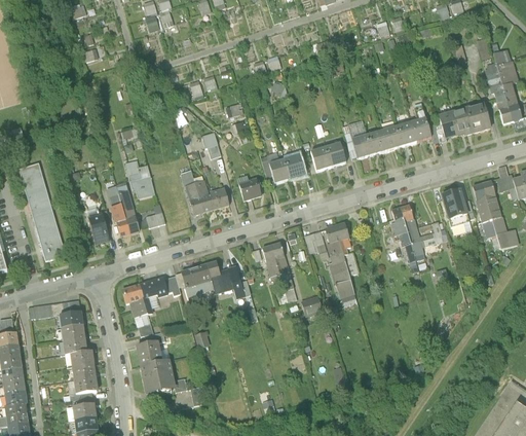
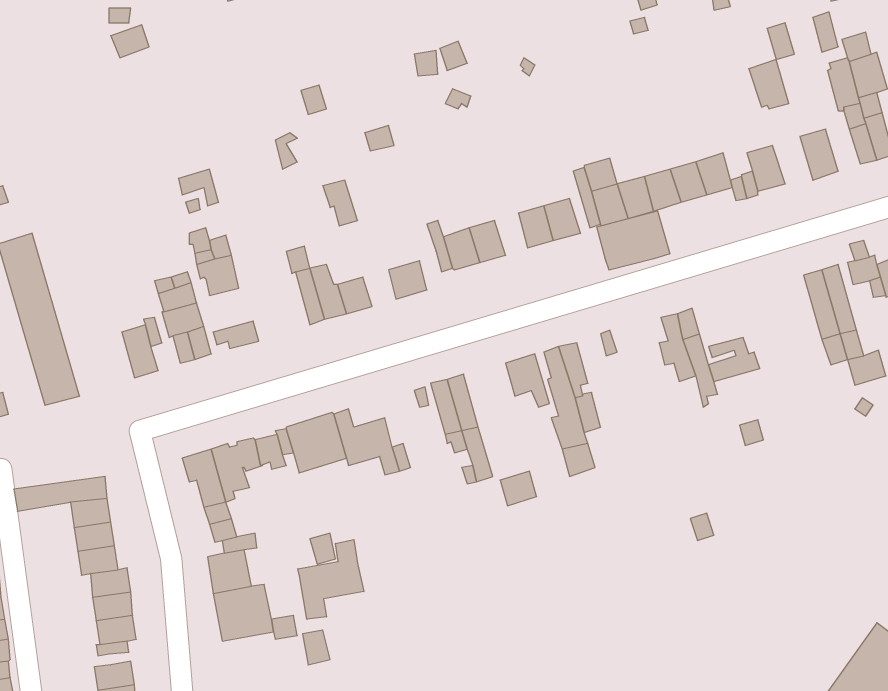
building: [454,108,477,136] -> [749,60,789,109]
building: none -> [597,211,670,270]
building: [441,190,469,227] -> none
building: none -> [298,540,364,619]

